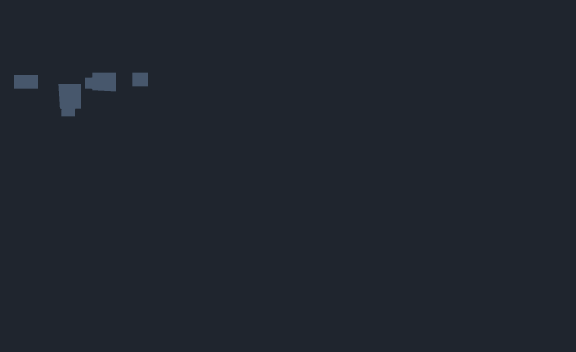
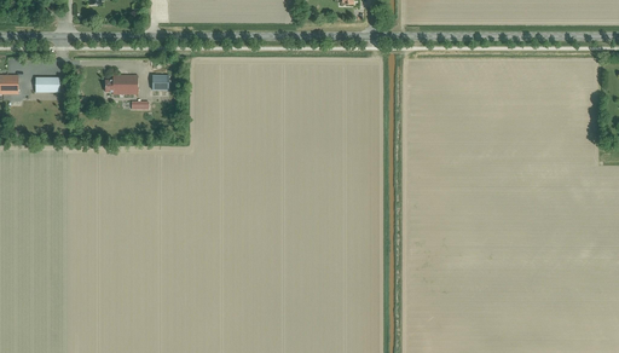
building: [58,83,81,117] -> none

